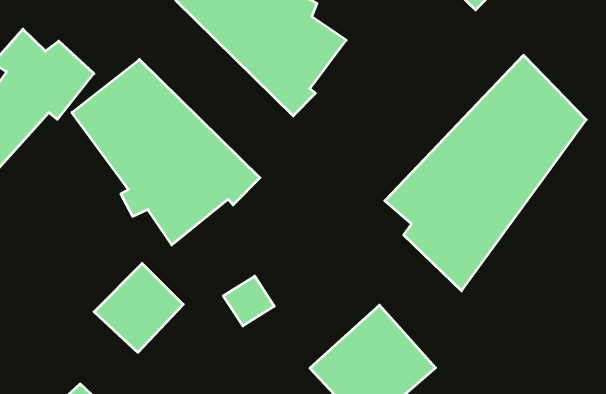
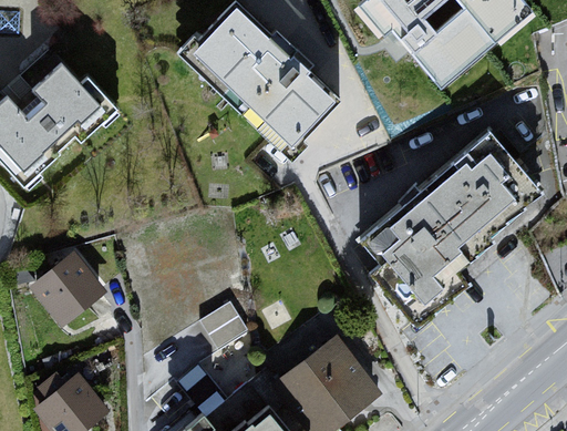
building: [72,59,260,245] -> none
building: [94,263,183,352] -> [25,250,103,327]

